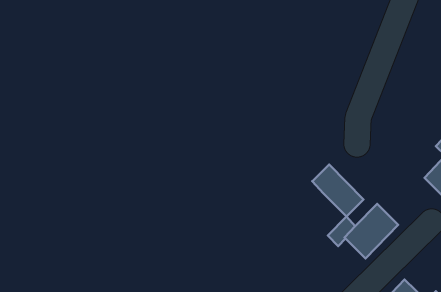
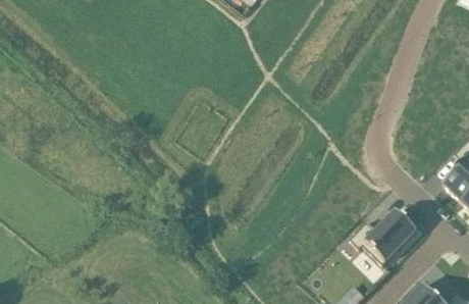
building: [312,164,364,217] -> none

